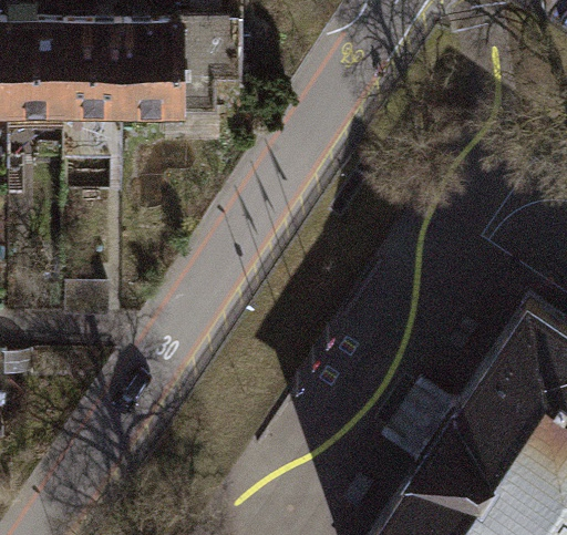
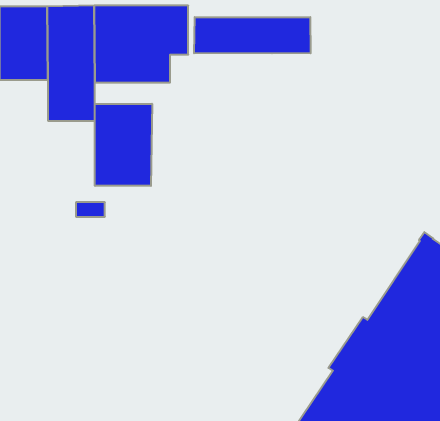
building: none -> [194,17,311,53]
building: none -> [95,104,152,186]

